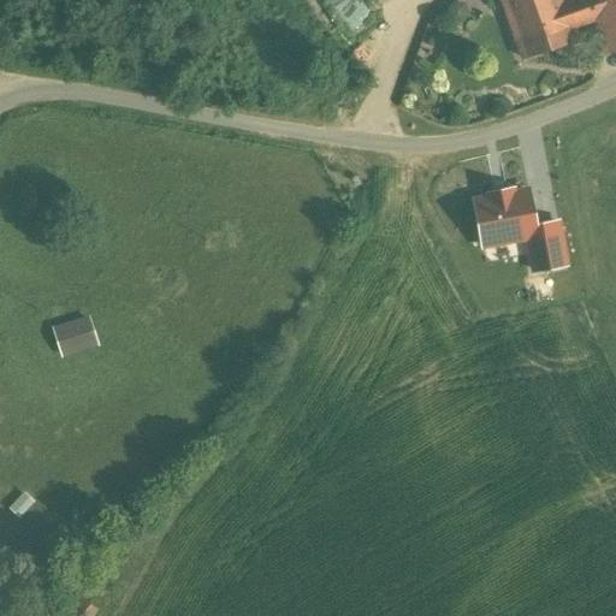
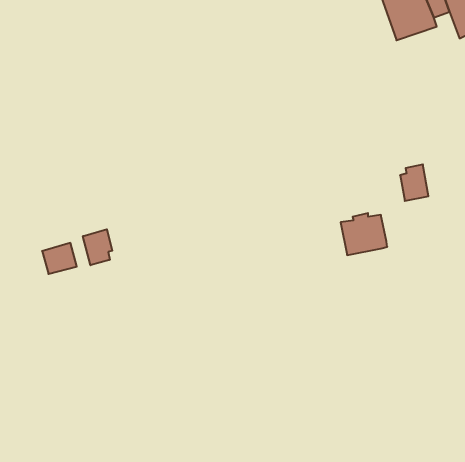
building: [476,184,538,239] -> [341,213,387,255]
building: none -> [83,229,112,265]

